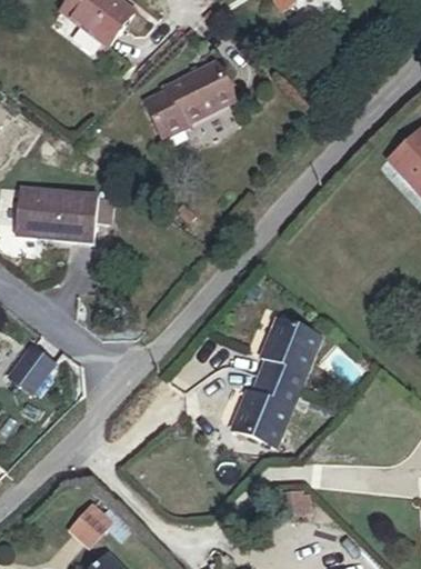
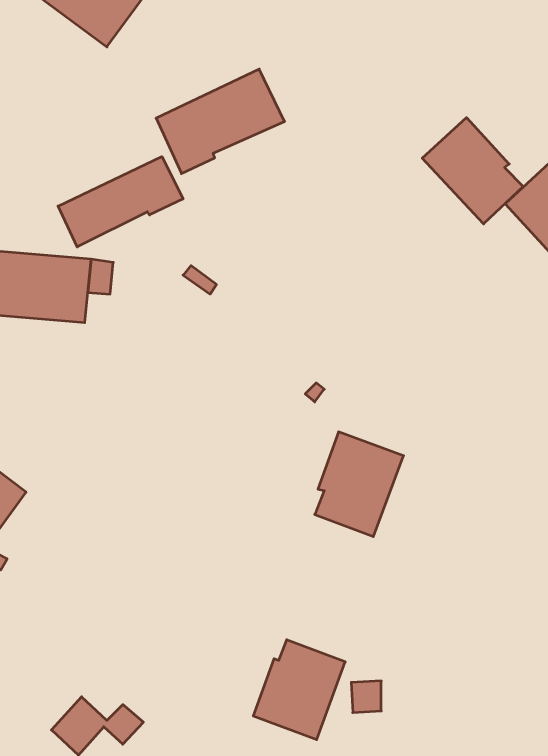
building: none -> [422,118,523,224]
building: none -> [58,157,183,247]
building: [232,376,297,446] -> [253,640,345,740]

